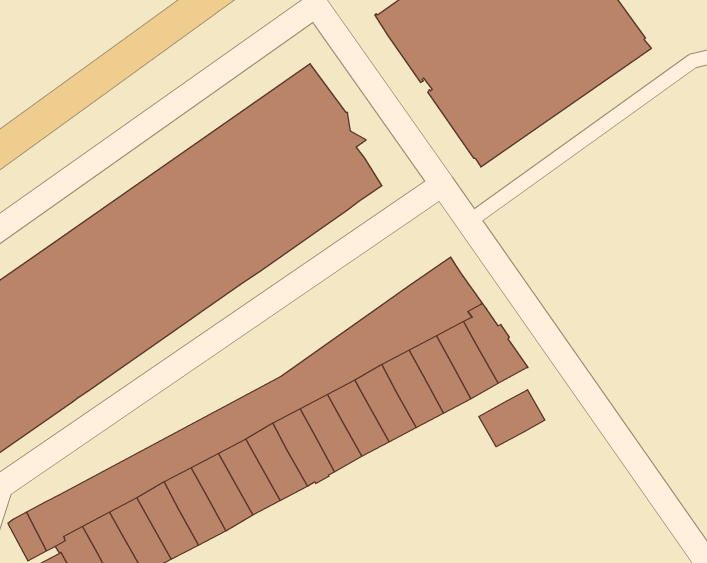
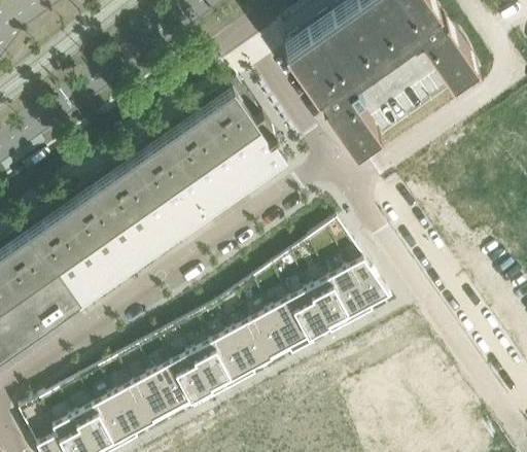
building: [479,390,545,447] -> none

